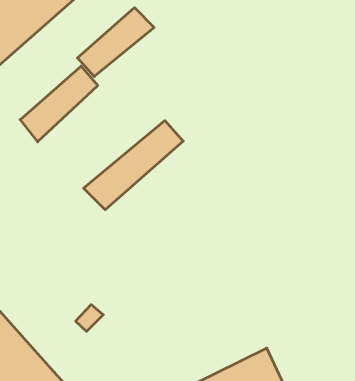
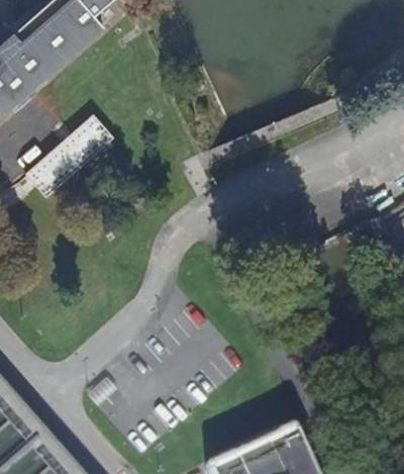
building: [77,8,154,77] -> none
building: [84,121,183,210] -> none

